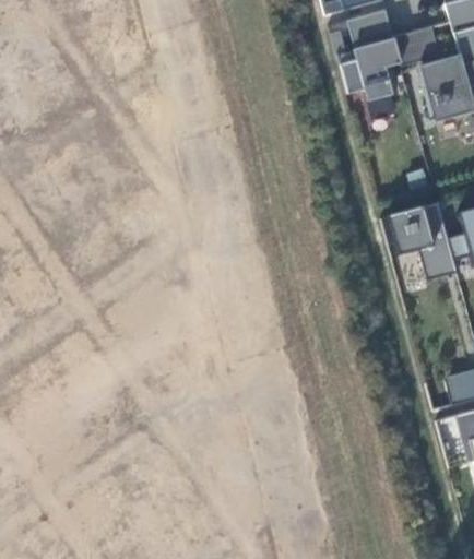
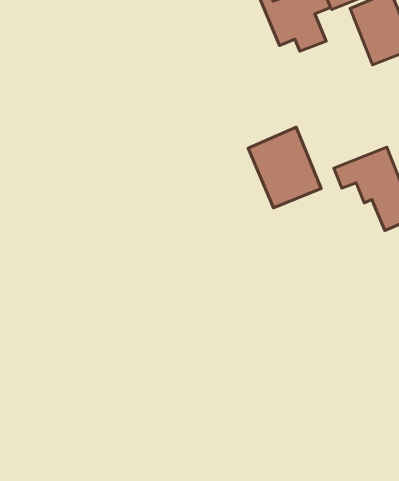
building: none -> [248,127,321,208]

